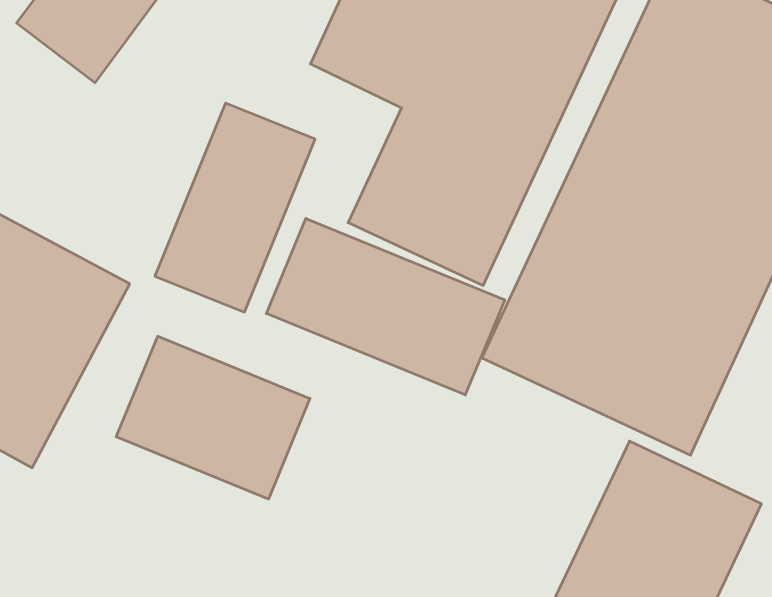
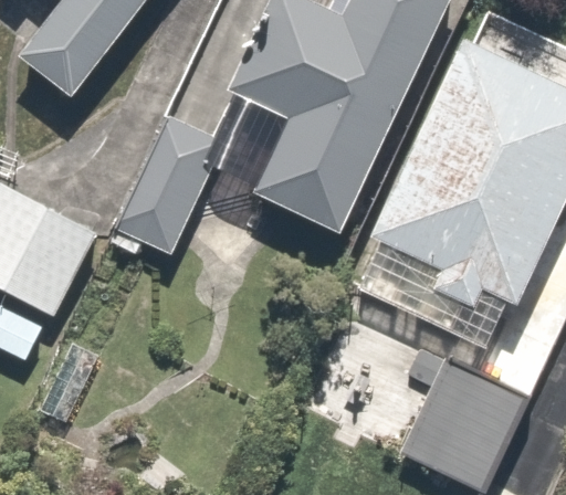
building: [266,218,505,395] -> none
building: [116,336,310,499] -> none

